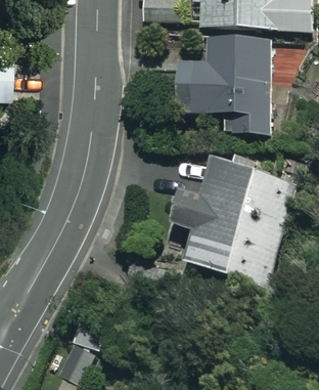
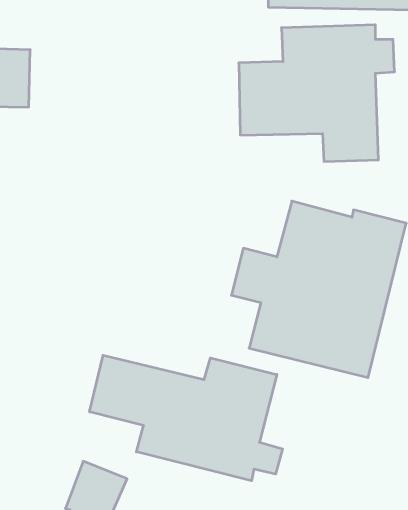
building: none -> [90,355,283,481]

